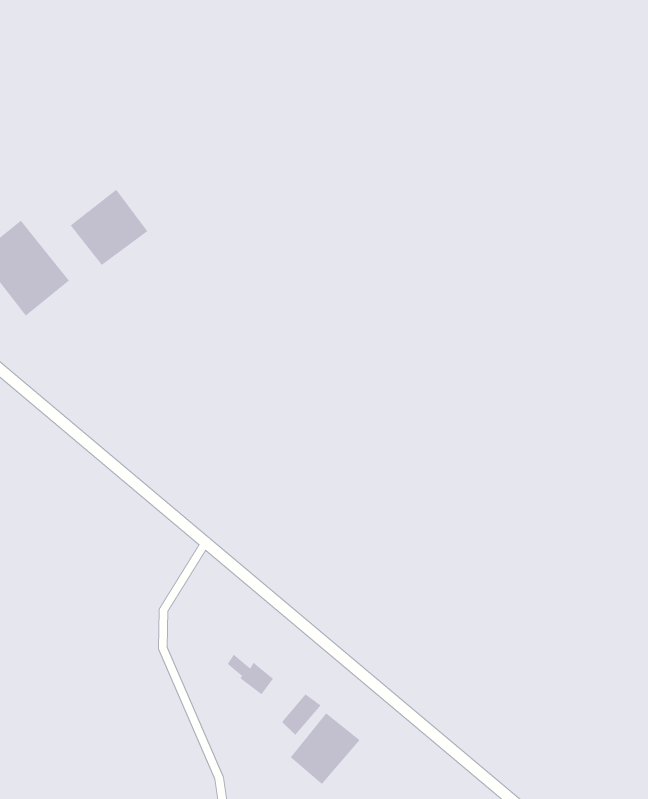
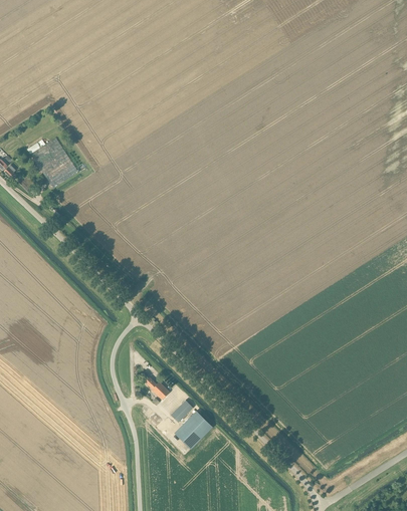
building: [70,189,148,266] -> none

